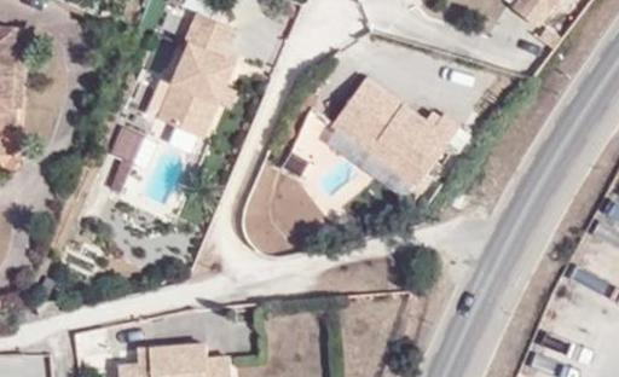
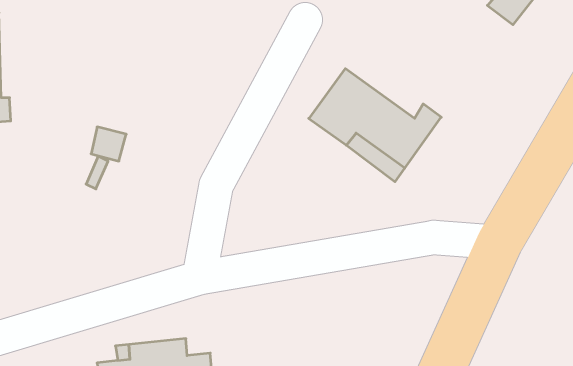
building: [150,12,232,138] -> none

